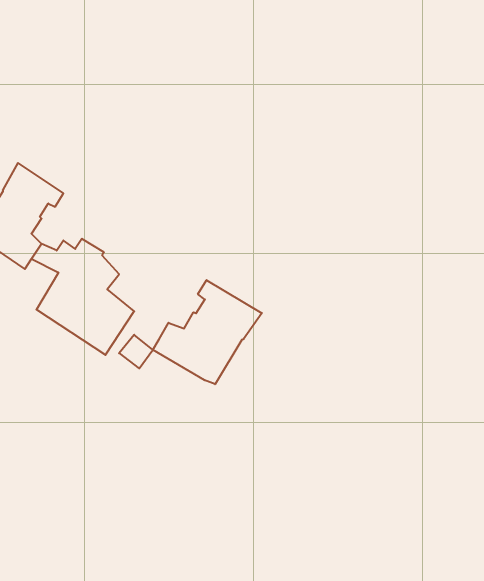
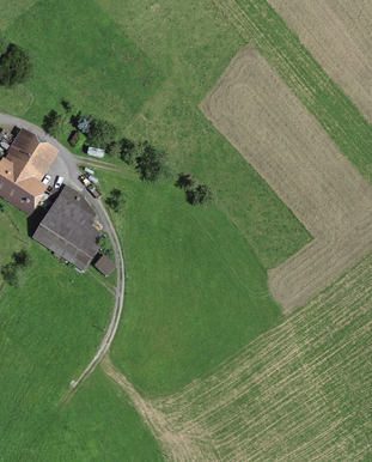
building: [153,280,262,384] -> none

